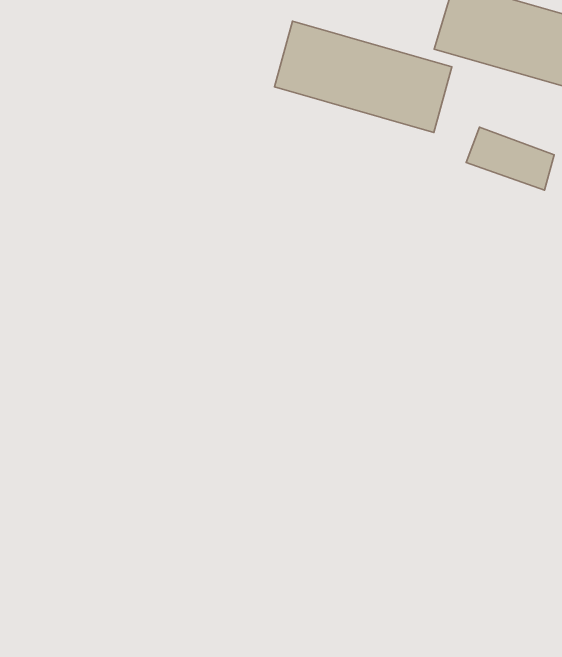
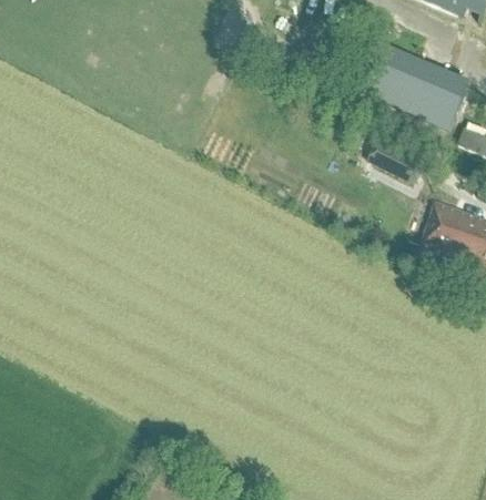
building: [275,21,452,132] -> none

